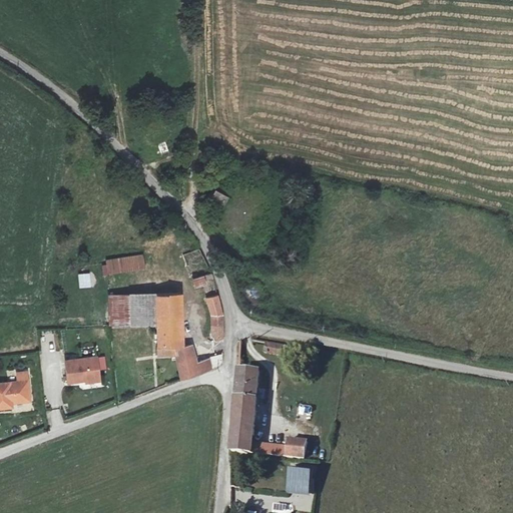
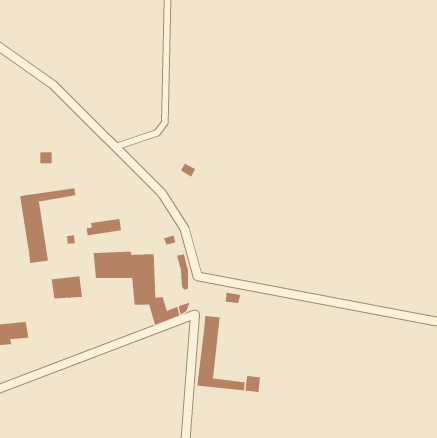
building: none -> [20,188,76,264]
building: [65,355,102,382] -> [51,276,83,299]
building: [290,466,310,491] -> none

